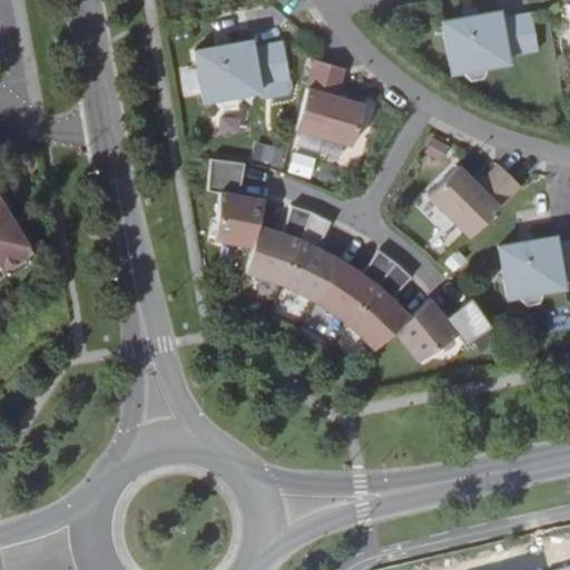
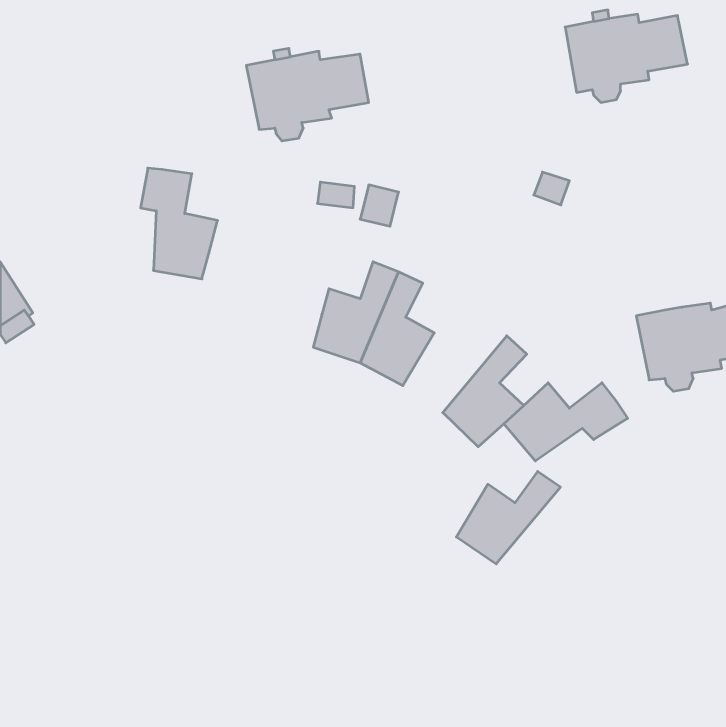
building: [296,60,364,145] -> none
building: [205,159,265,246] -> [141,168,218,279]
building: [429,165,521,237] -> none
building: [316,250,397,323] -> [456,471,560,564]

